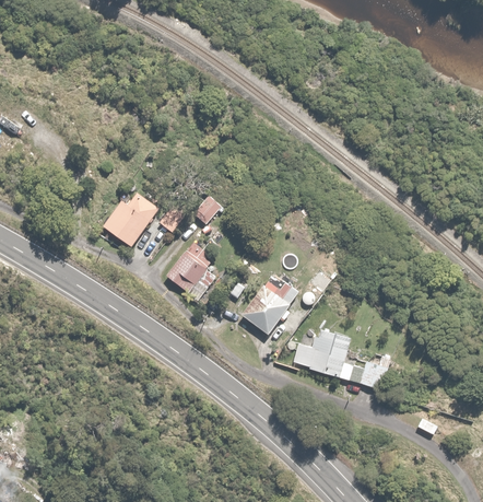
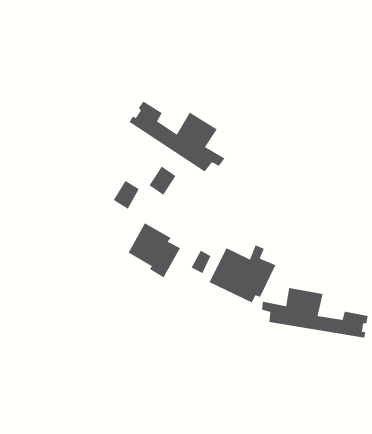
building: none -> [128,100,225,172]
building: [102,190,156,246] -> none

